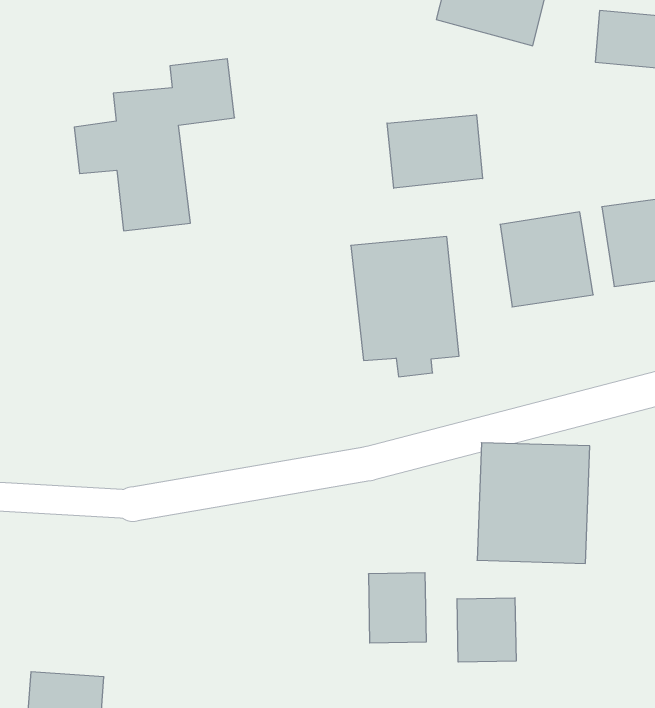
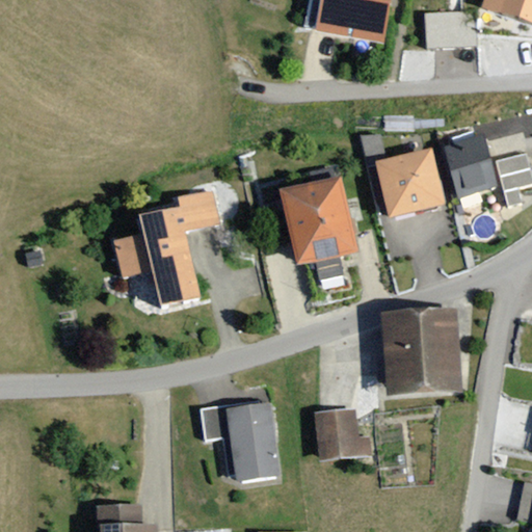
building: [74,59,235,231] -> [115,185,223,310]
building: [387,115,483,188] -> none
building: none -> [220,401,280,482]
building: [457,598,516,662] -> none

